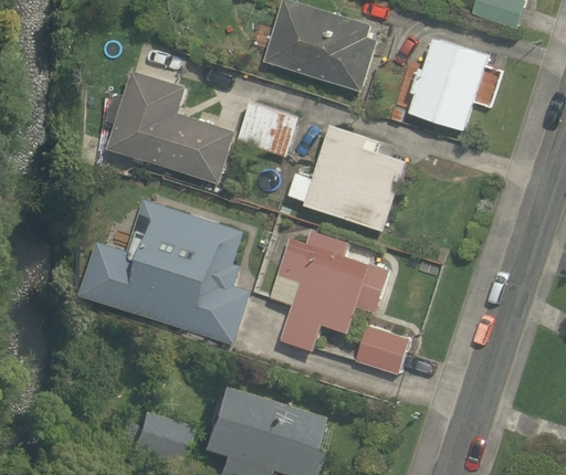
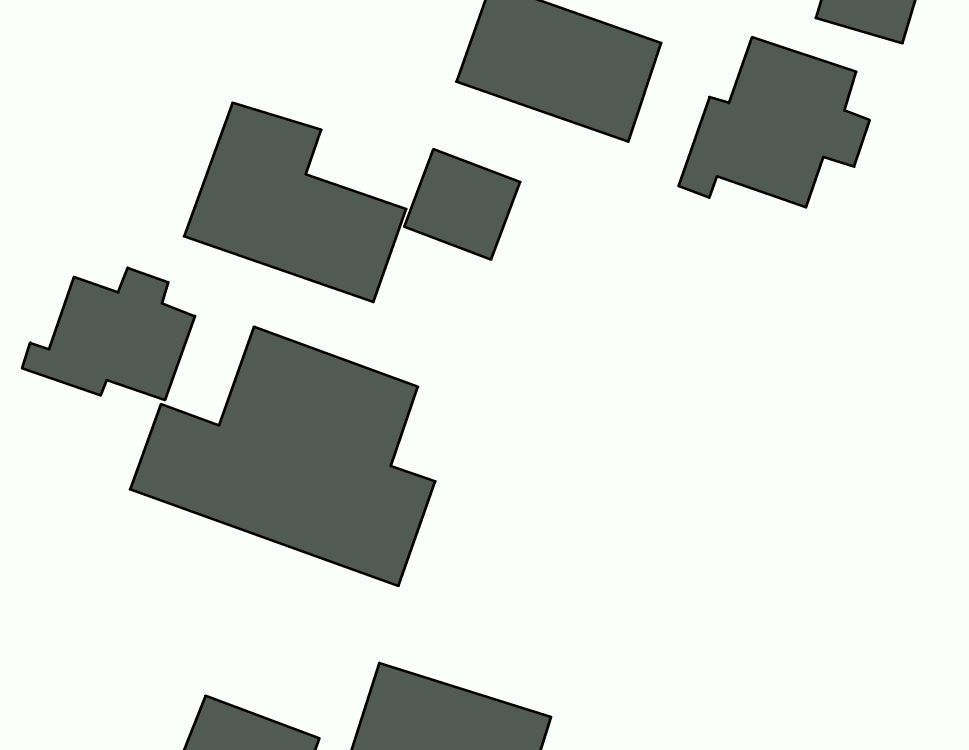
building: [285,119,409,231] -> none
building: none -> [22,268,195,400]
building: [259,220,415,379] -> none

